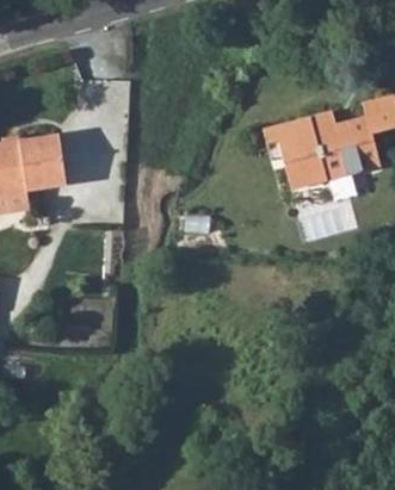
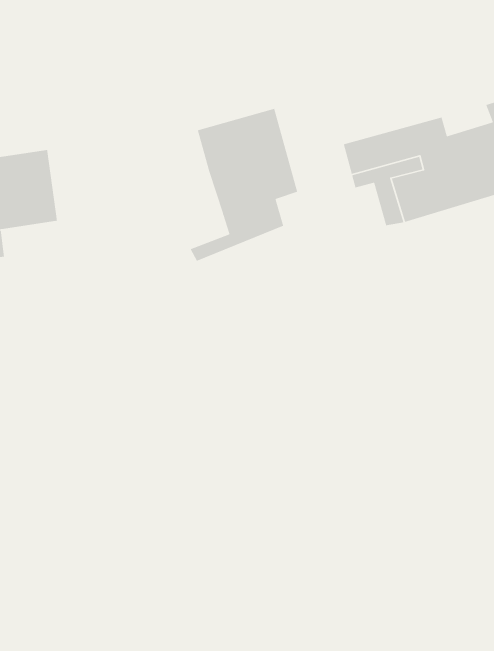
building: none -> [190,108,298,262]

